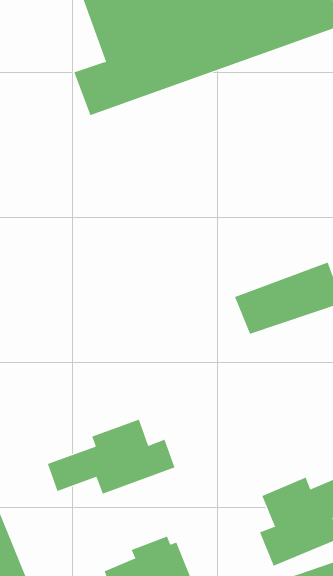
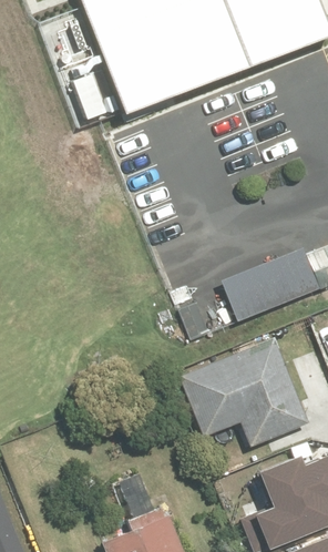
building: none -> [185,338,305,444]
building: [47,419,175,495] -> none

